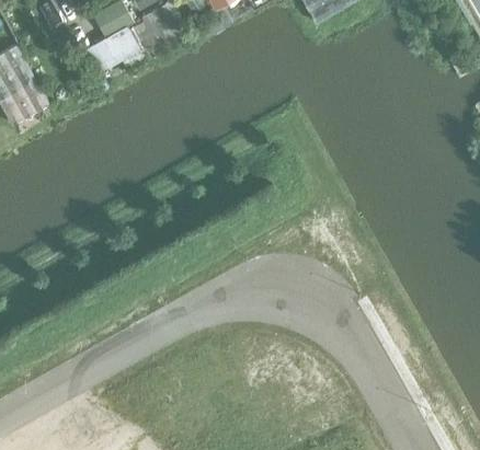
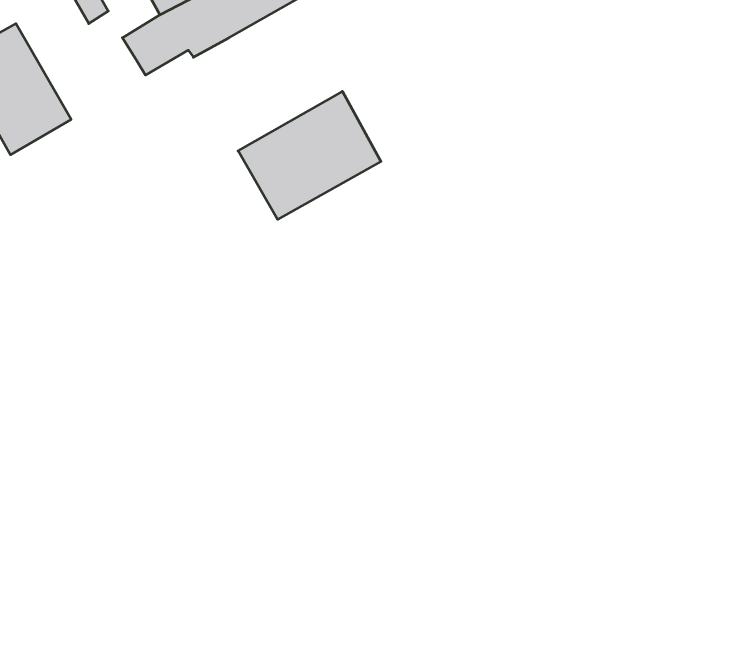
building: none -> [238,91,381,219]

